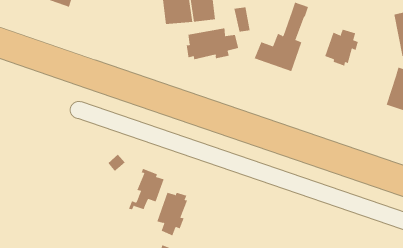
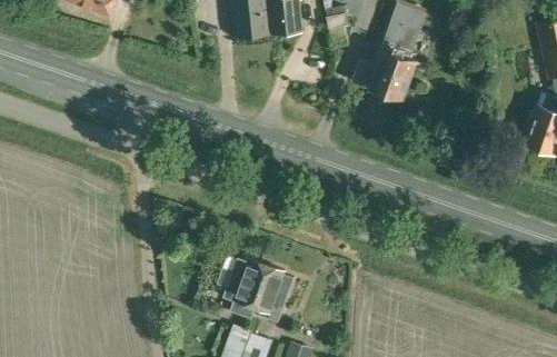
building: [186,27,239,60] -> none
building: [325,29,359,67] -> none
building: [128,168,165,210] -> [246,260,294,315]

